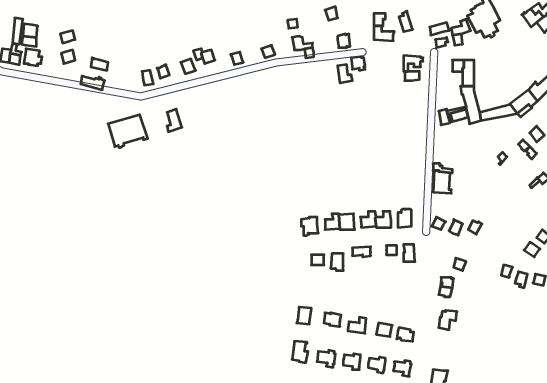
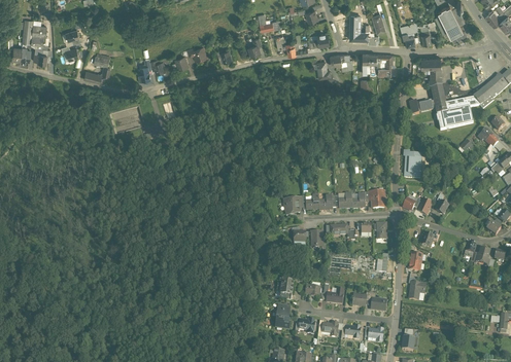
building: none -> [437,106,473,129]

